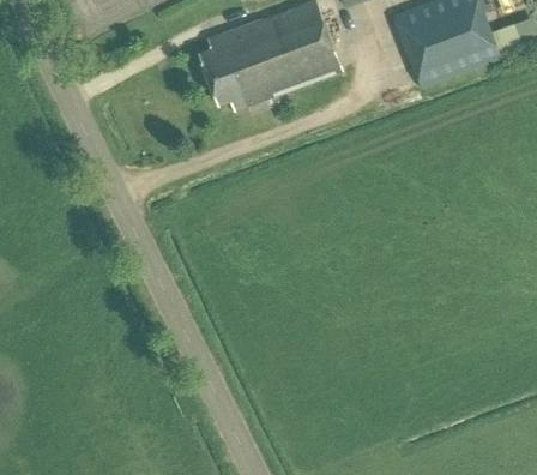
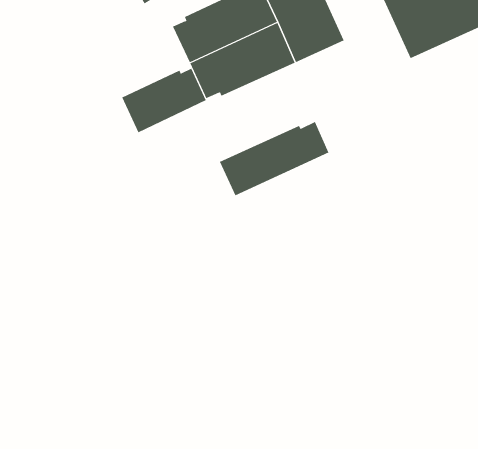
building: none -> [121,68,207,133]
building: none -> [219,121,329,196]

